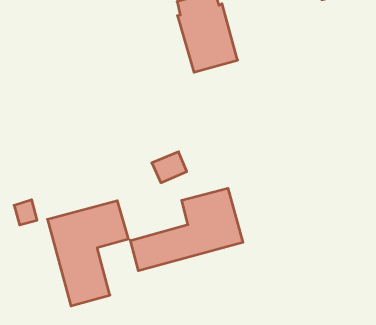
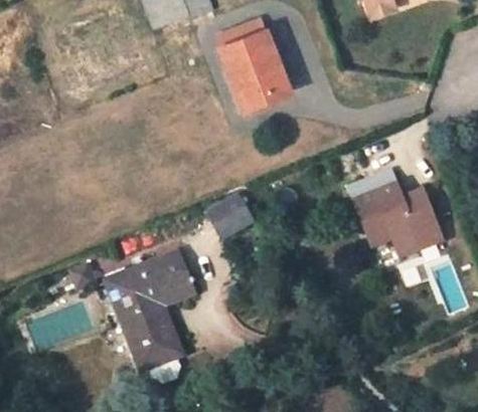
building: none -> [349,171,441,254]
building: [130,188,243,271] -> none

